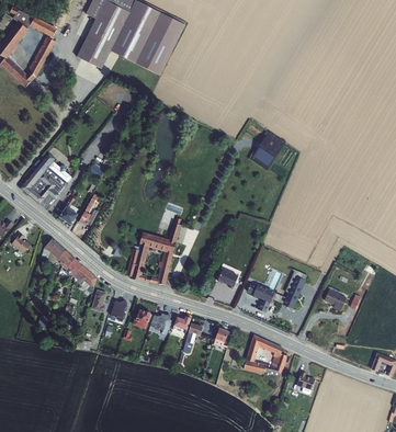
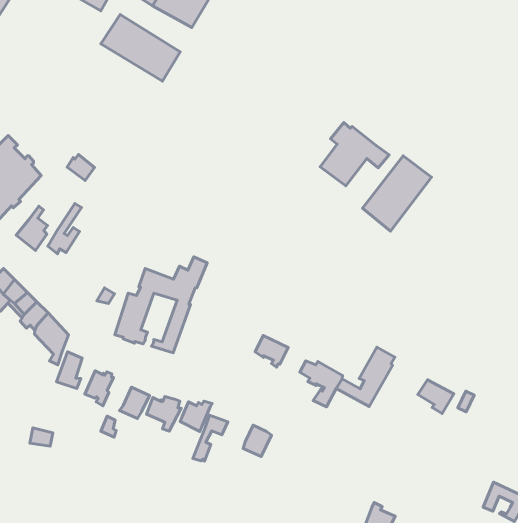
building: none -> [101,15,180,81]
building: none -> [363,156,431,231]
building: [244,333,287,375] -> none

